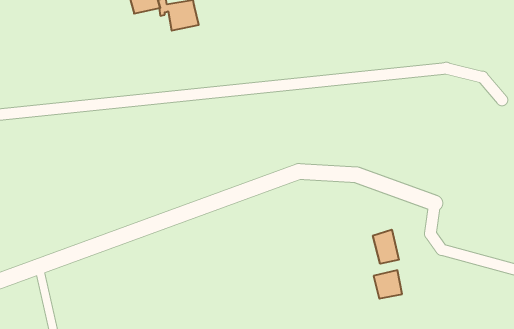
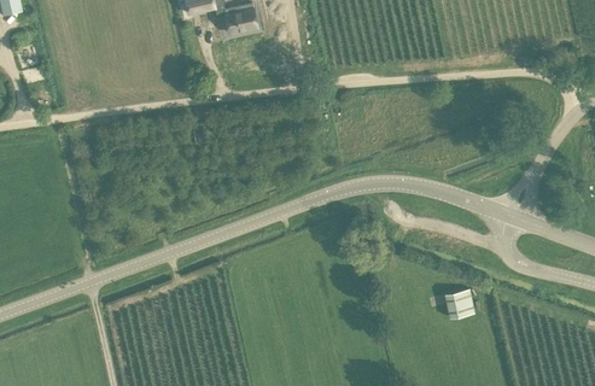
building: [373,230,399,264] -> none

